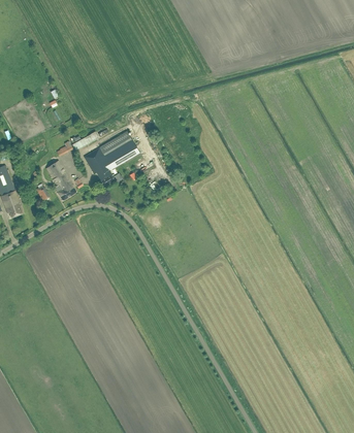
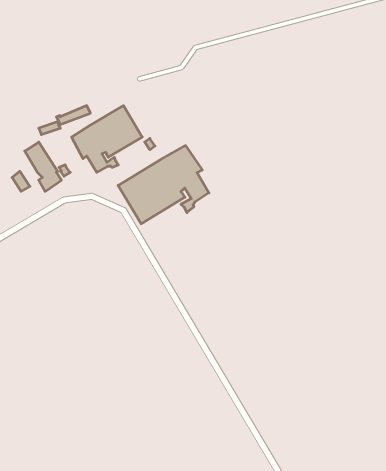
building: none -> [118,146,209,224]

